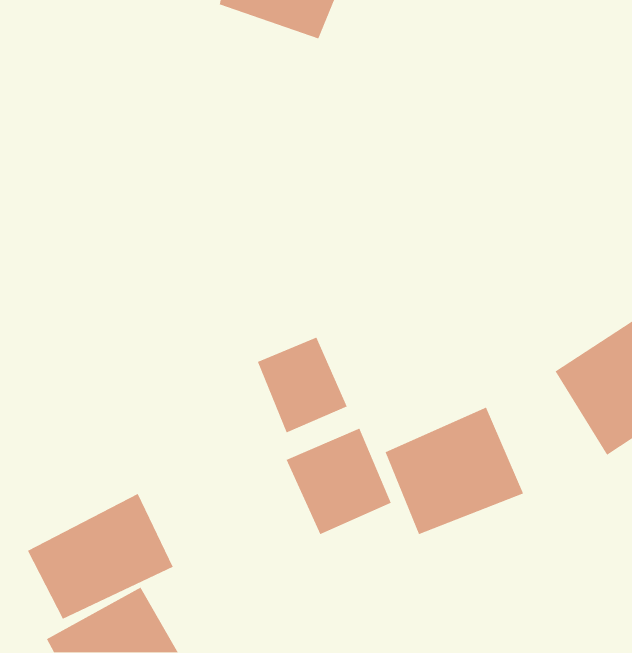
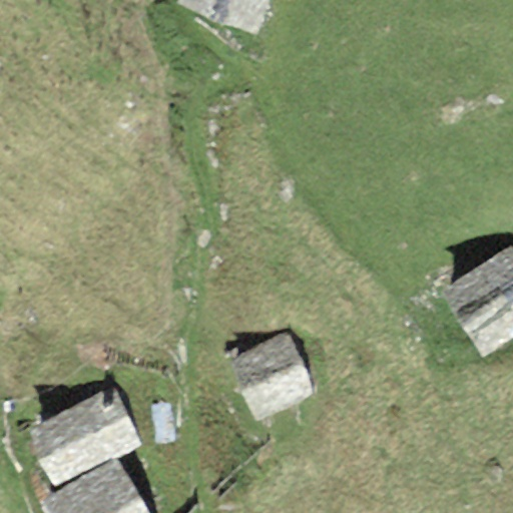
building: [257,336,348,434] -> none
building: [385,406,524,535] -> none

